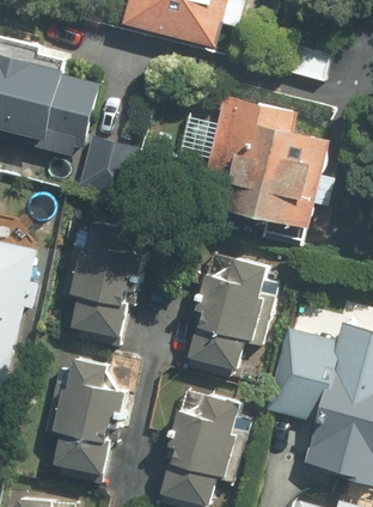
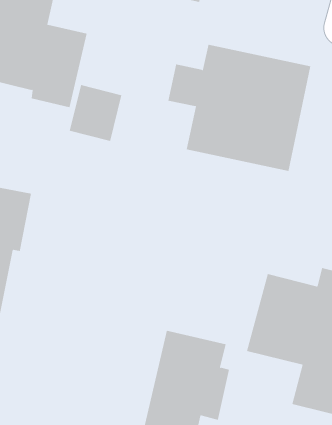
building: [61,218,136,341] -> none
building: [184,253,279,372] -> none
building: [43,359,121,472] -> none

